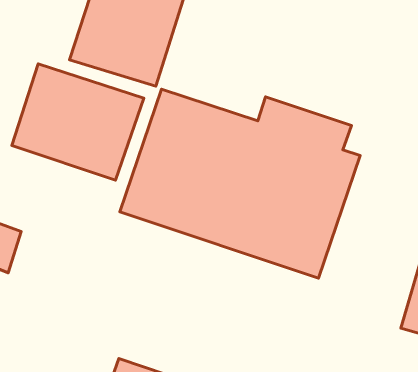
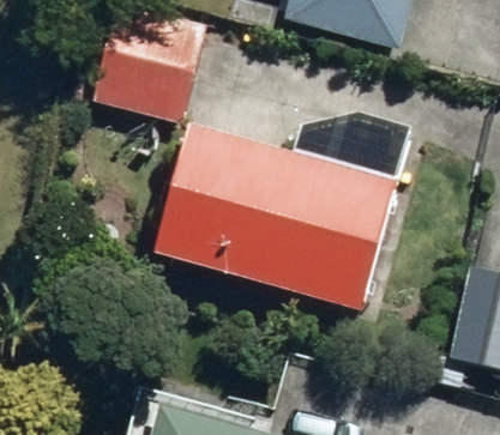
building: [12,64,144,180] -> none

